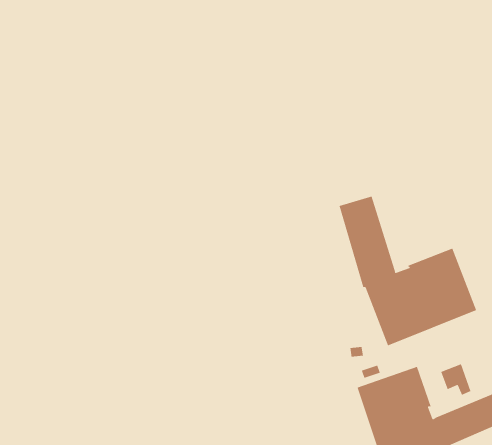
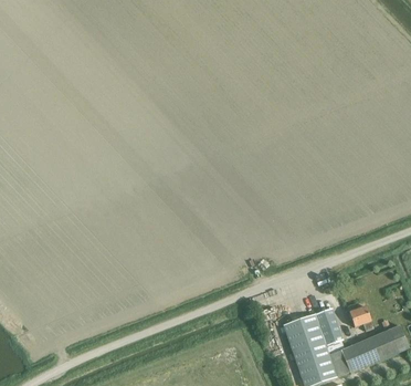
building: [338,195,477,346] -> none

